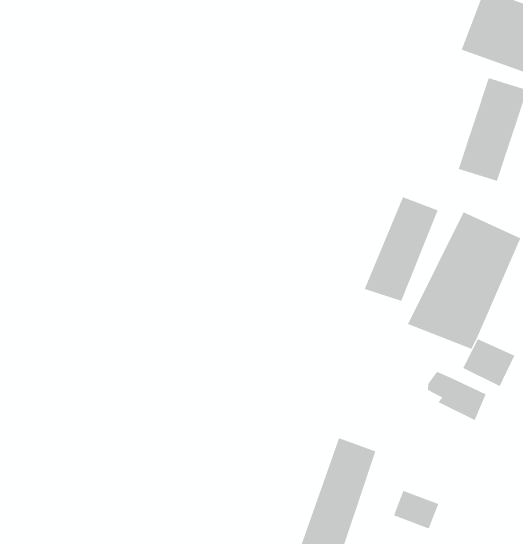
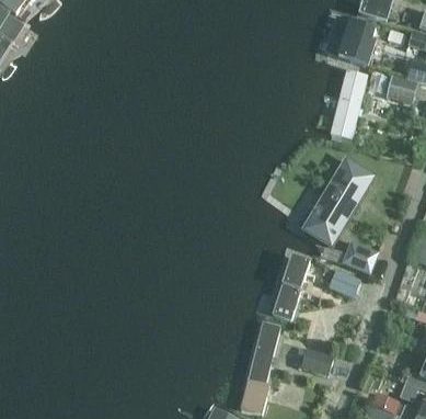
building: [364,197,439,301] -> [267,247,314,318]

